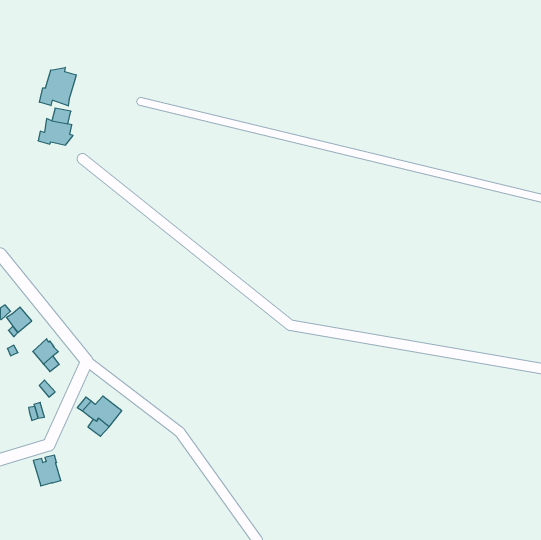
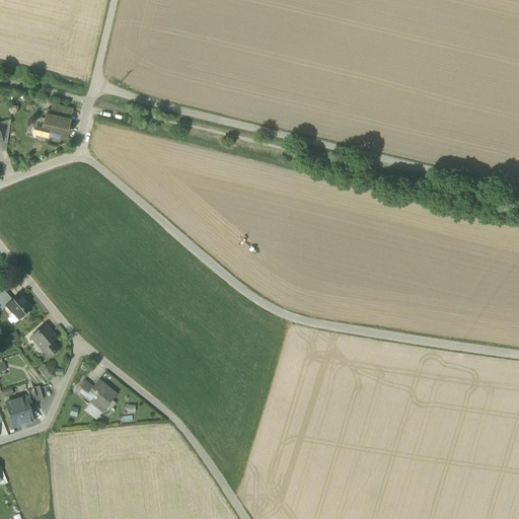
building: [39,67,76,106] -> none
building: [33,455,61,486] -> [6,396,32,426]

